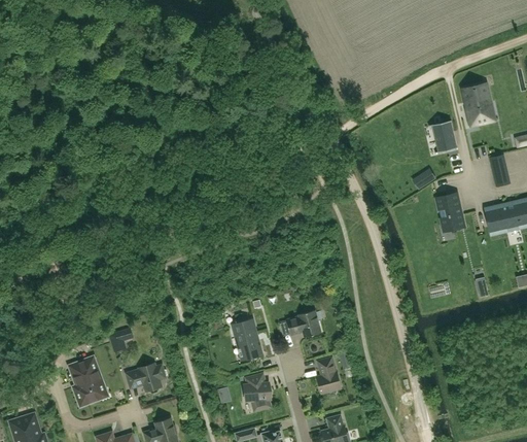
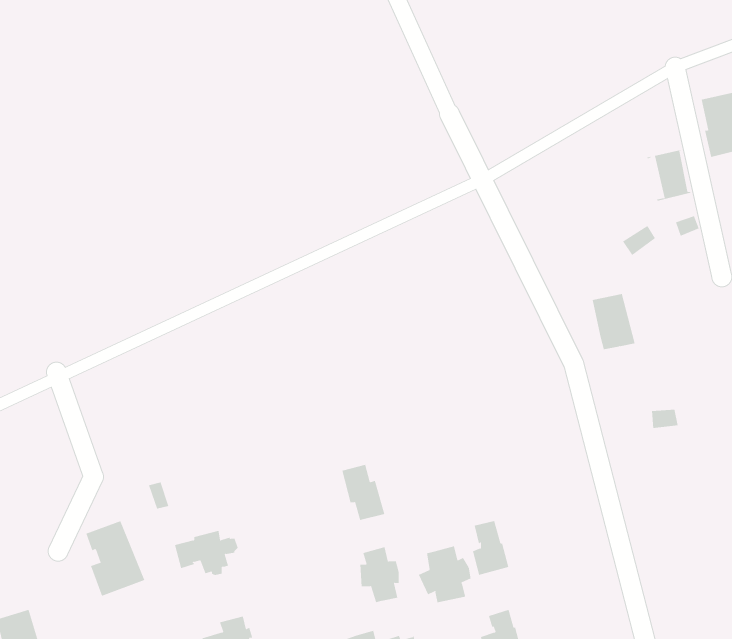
building: [436,194,464,230] -> [592,294,635,350]
building: [286,310,321,337] -> none
building: none -> [418,545,471,603]

